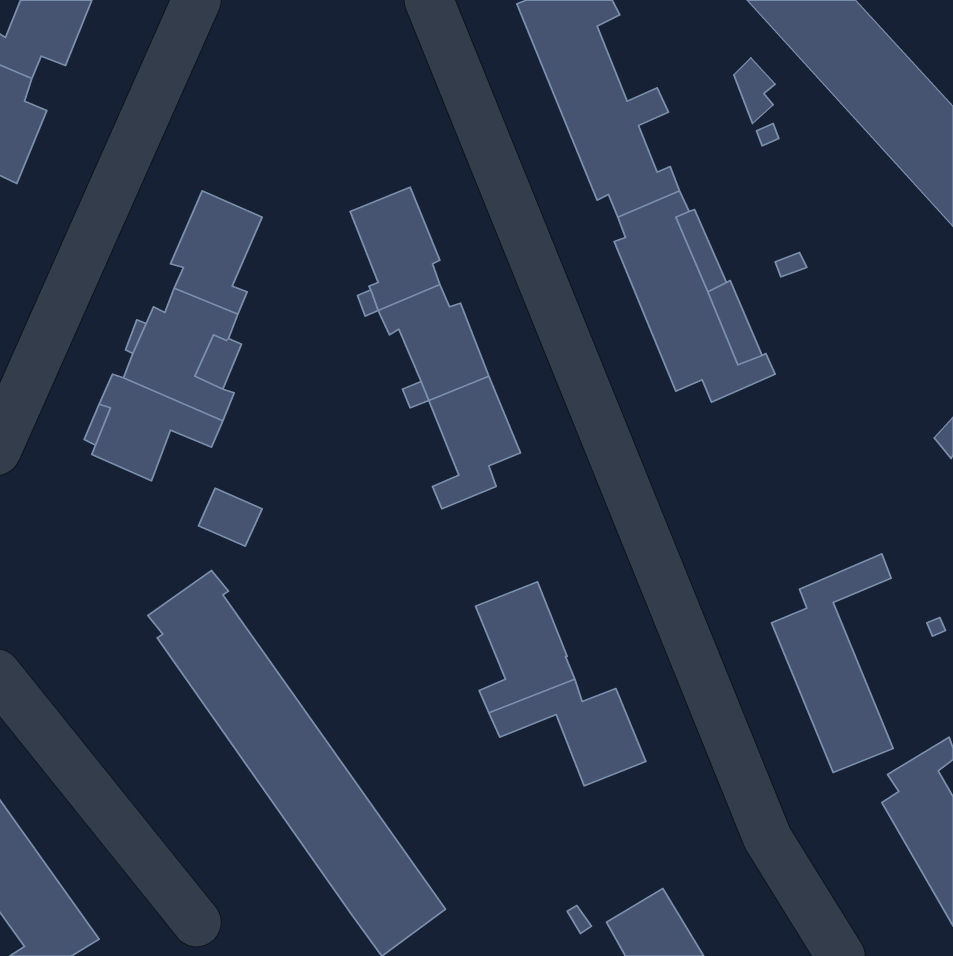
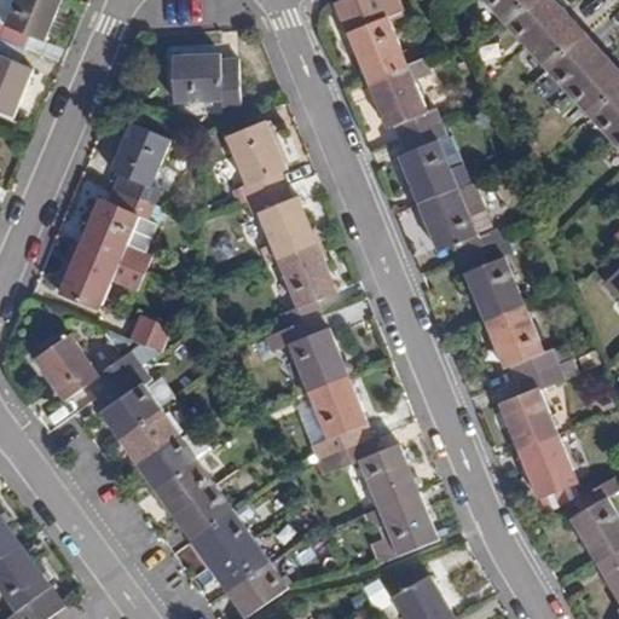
building: none -> [170,54,239,106]
building: none -> [459,241,569,381]
building: none -> [264,314,347,392]
building: none -> [34,335,137,401]
building: none -> [364,492,436,562]

